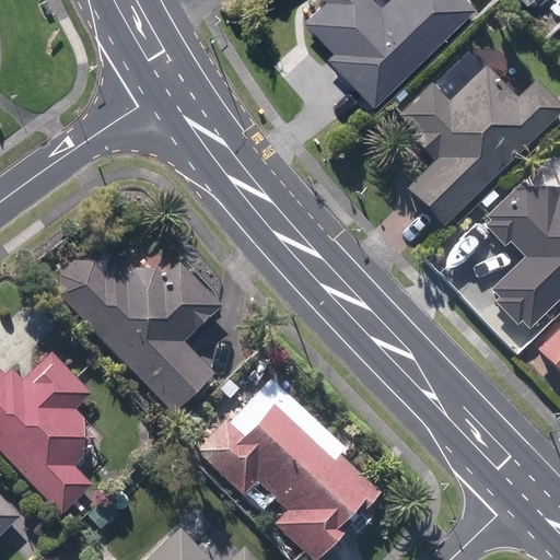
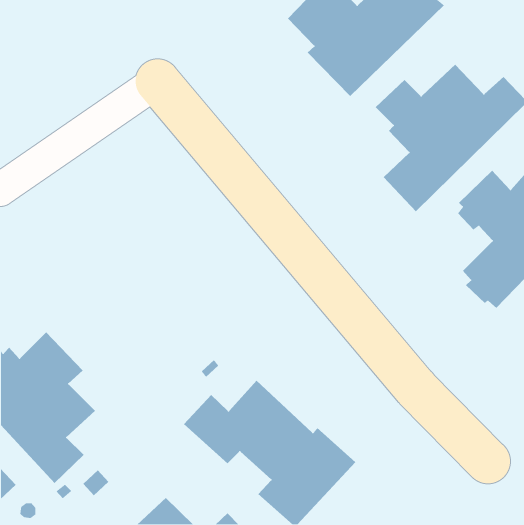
building: [61,260,222,410] -> none

